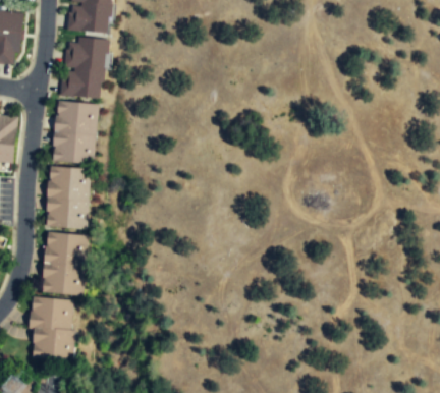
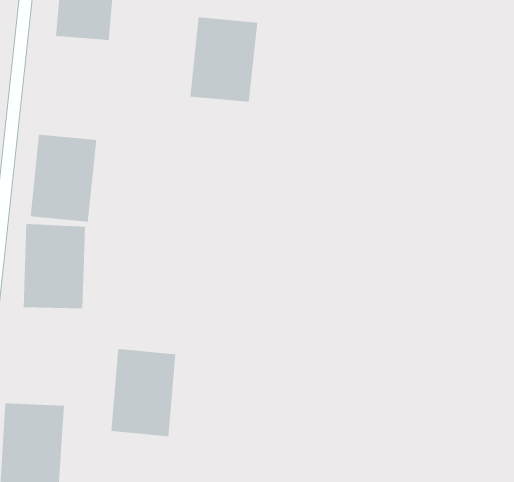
building: [60,37,110,99] -> [189,17,258,102]
building: [42,231,90,295] -> [110,349,176,437]

